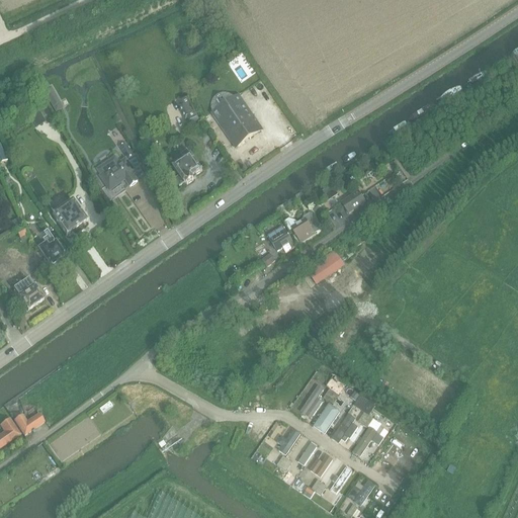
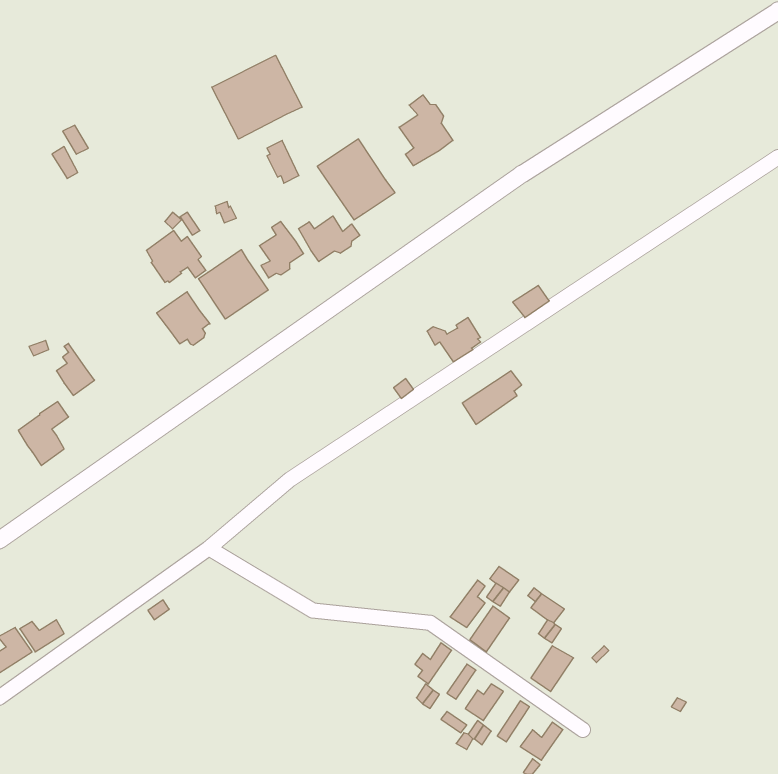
building: none -> [212,55,302,139]
building: none -> [399,95,453,166]
building: none -> [299,216,360,262]
building: none -> [199,250,268,319]
building: [51,197,86,233] -> [157,292,210,345]
building: [267,225,294,250] -> none
building: [330,412,357,441] -> none

